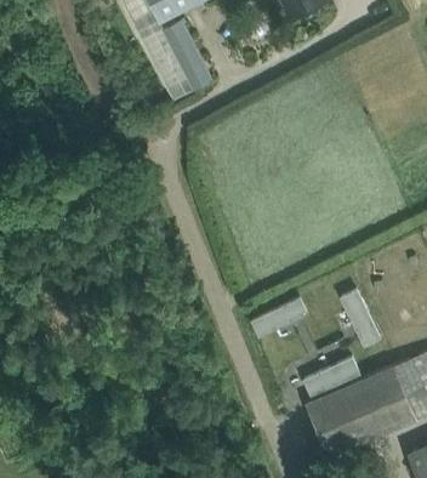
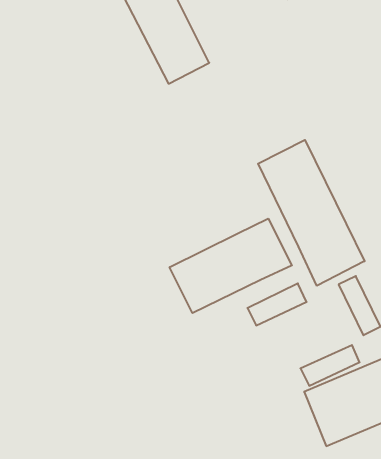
building: none -> [258,140,365,286]
building: none -> [170,219,292,313]

